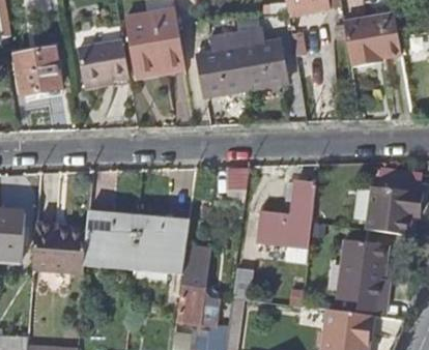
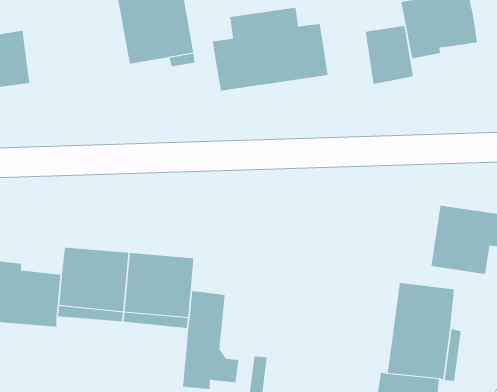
building: [78,40,130,90] -> none
building: none -> [365,25,414,85]
building: [256,182,313,246] -> none

